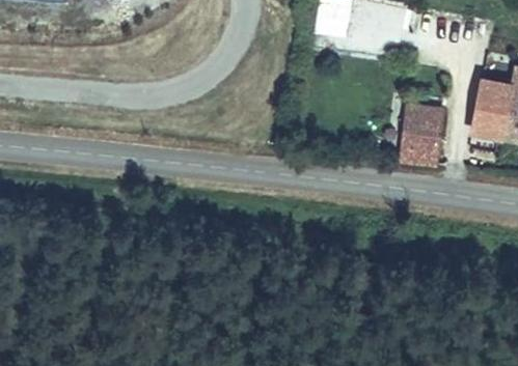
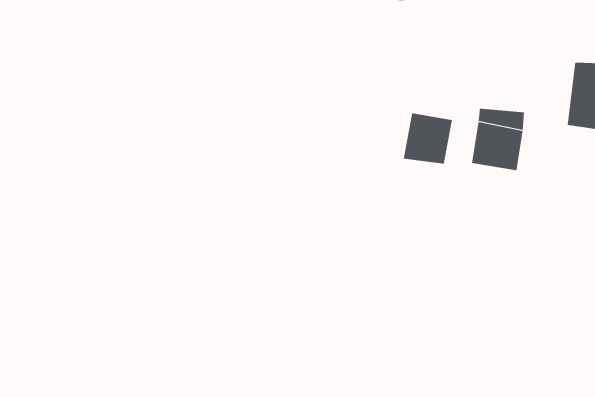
building: none -> [403,113,452,165]

